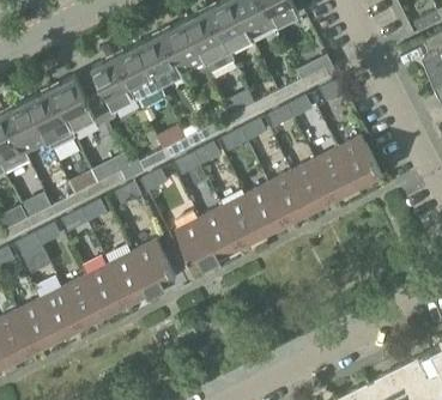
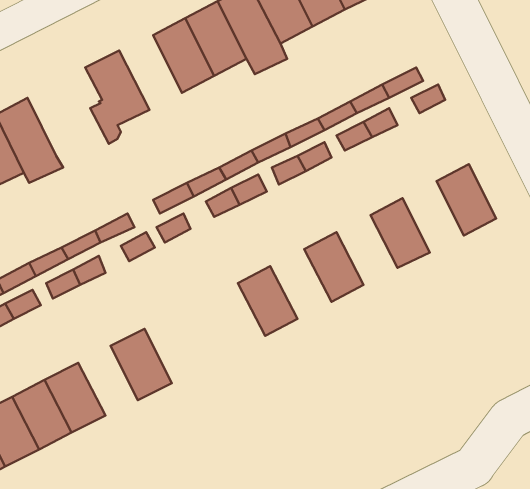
building: [114,46,164,109] -> none
building: [49,78,107,131] -> none
building: [314,149,357,199] -> none
building: [267,172,310,222] -> none
building: [220,196,264,246] -> none
building: [174,220,217,269] -> none
building: [132,241,174,291] -> none
building: [85,265,127,314] -> none

